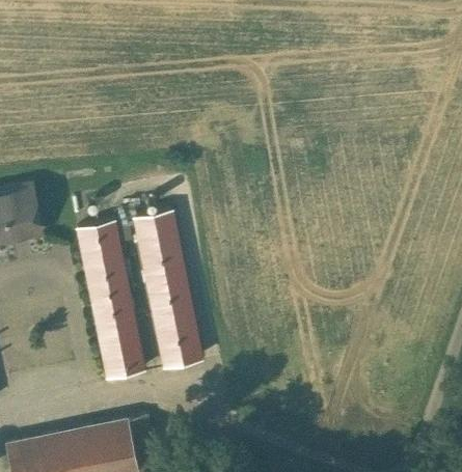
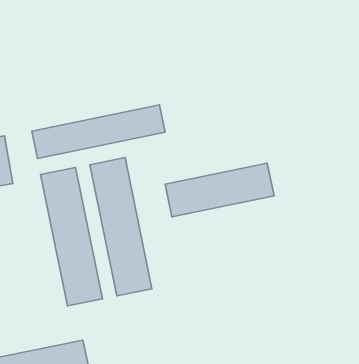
building: none -> [32,105,165,159]
building: none -> [165,163,274,217]

